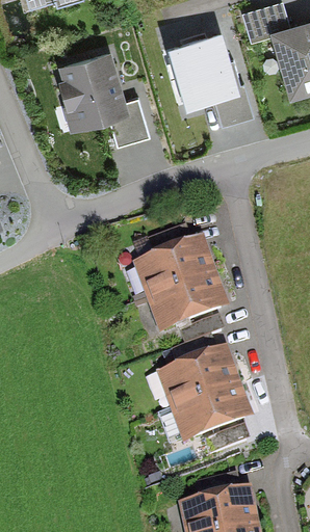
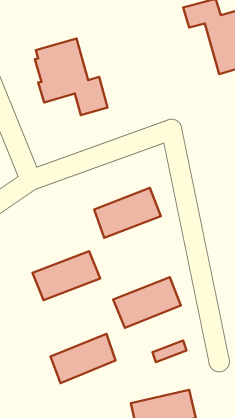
building: [166,27,254,125] -> none
building: [144,271,228,332] -> [33,251,100,300]
building: [170,382,251,444] -> [51,334,116,383]

